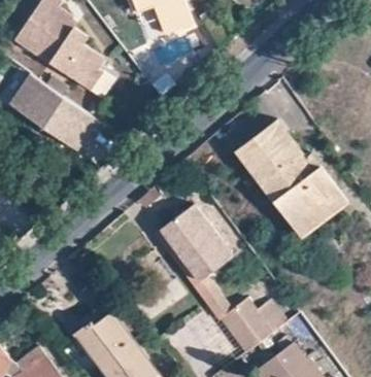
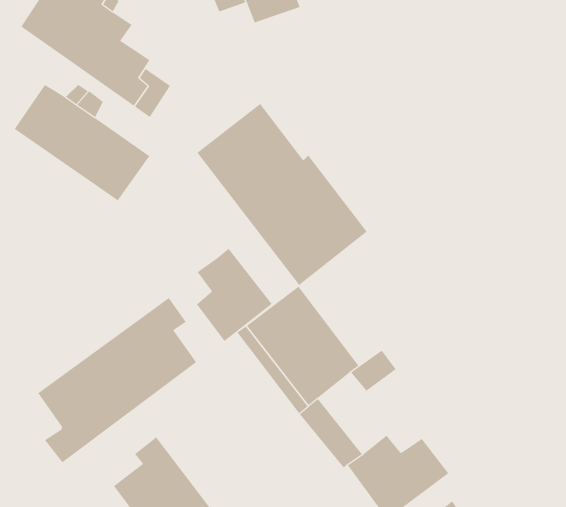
building: [236,119,346,237] -> [196,103,368,286]
building: none -> [196,248,273,342]
building: none -> [38,297,197,463]

